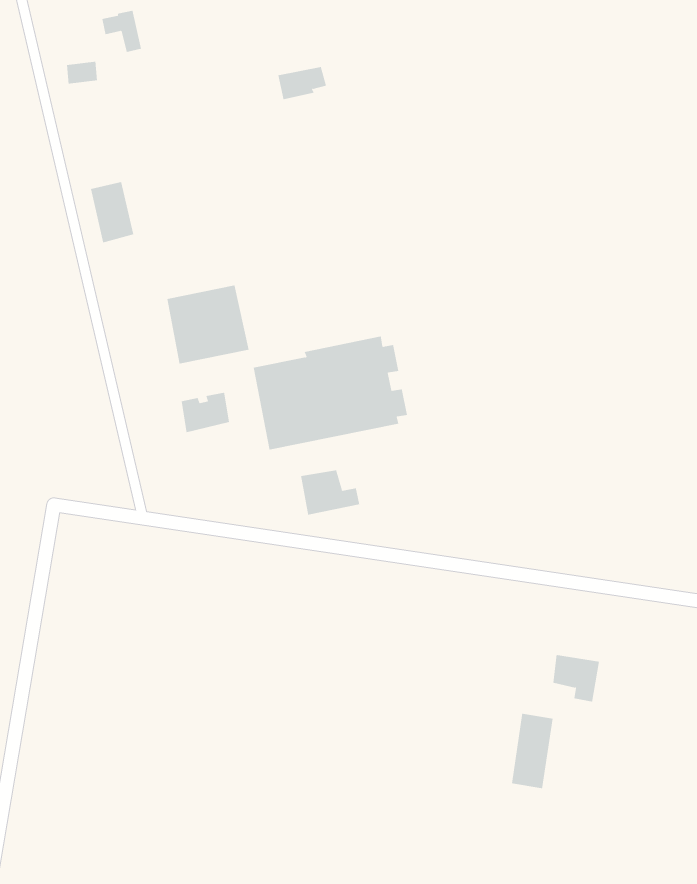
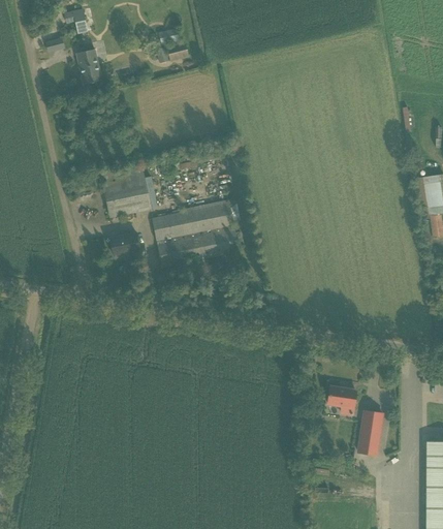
building: [90,182,134,243] -> [76,49,102,85]
building: [301,470,360,515] -> none
building: [511,713,553,789] -> [357,410,382,455]

